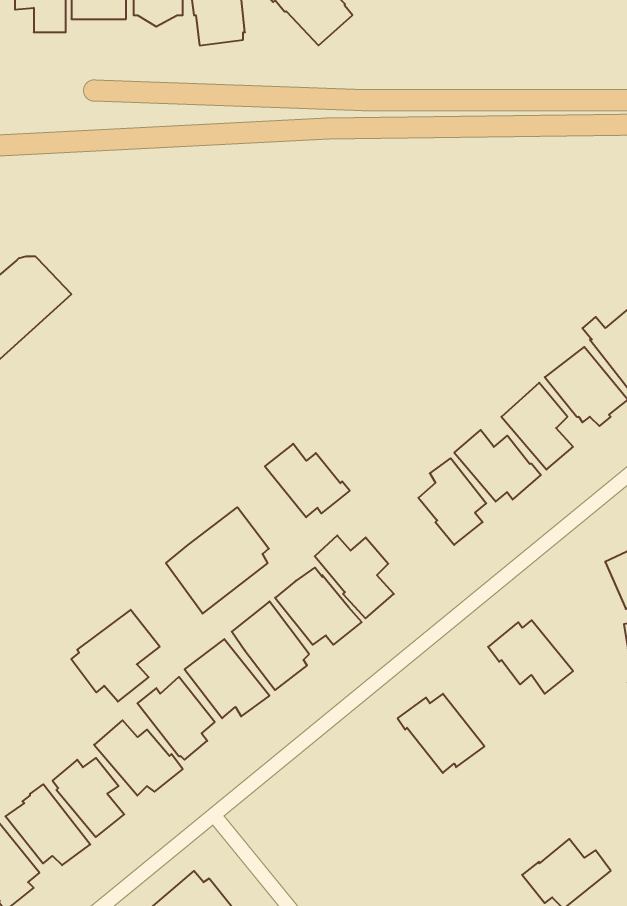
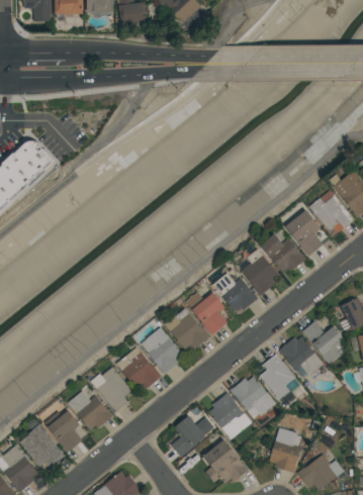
building: [265,444,350,517] -> [212,273,258,312]
building: [166,507,269,614] -> none
building: none -> [301,321,347,364]
building: [71,610,160,702] -> none
building: none -> [260,355,300,400]
building: none -> [208,391,252,439]
building: none -> [171,415,213,458]
building: none -> [269,427,302,473]
building: none -> [202,439,249,484]

